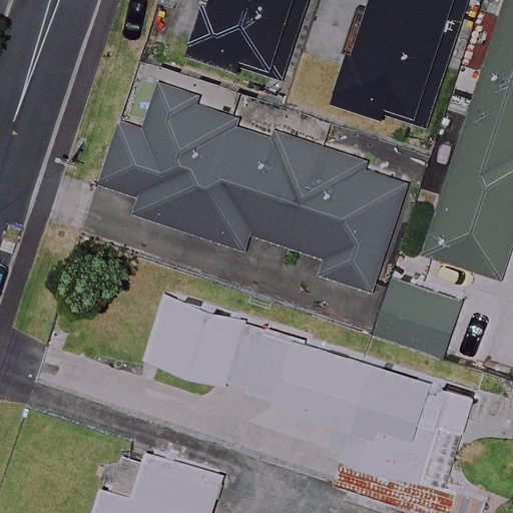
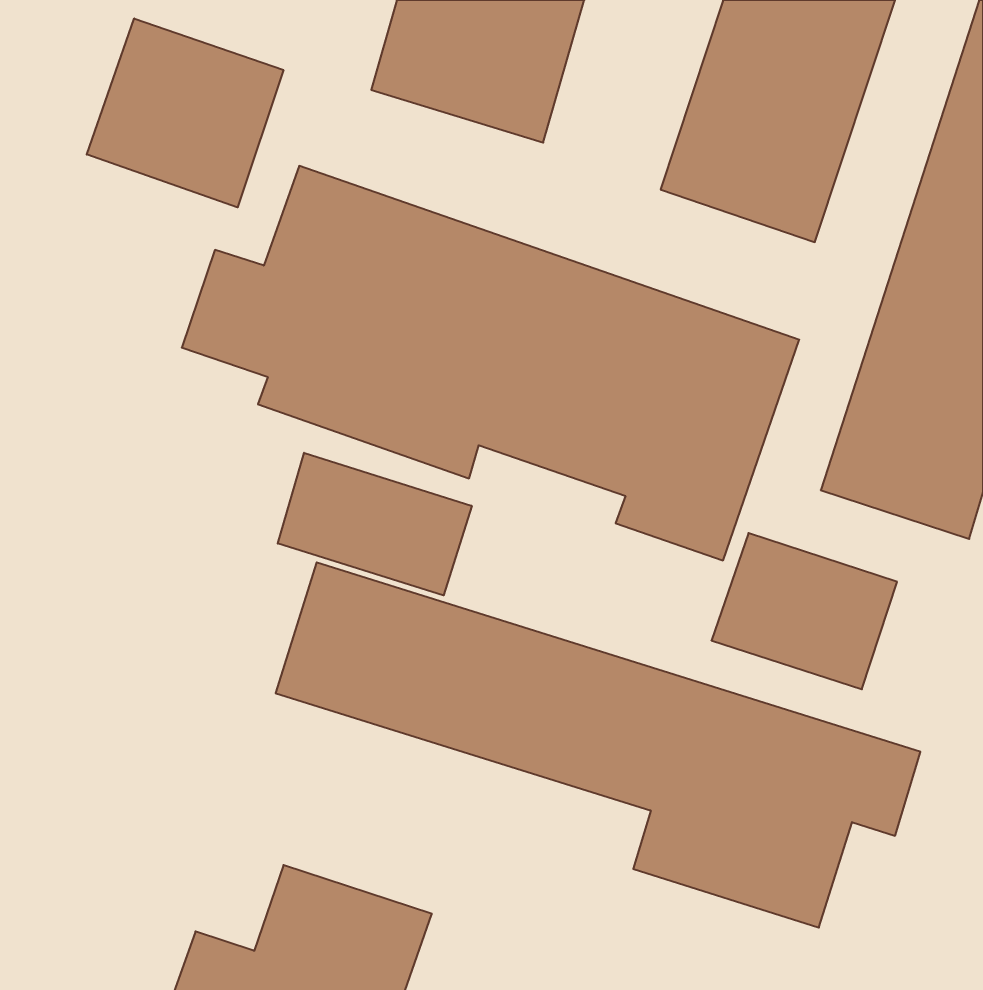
building: none -> [87,18,283,207]
building: none -> [278,453,472,595]

